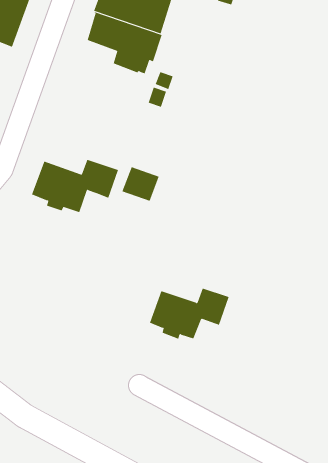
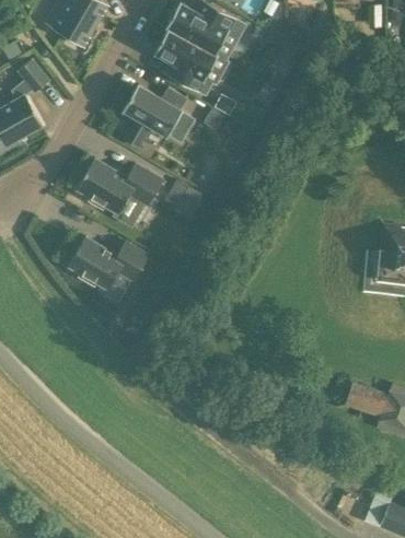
building: none -> [123,84,193,148]
building: [149,288,229,340] -> [69,237,149,289]

